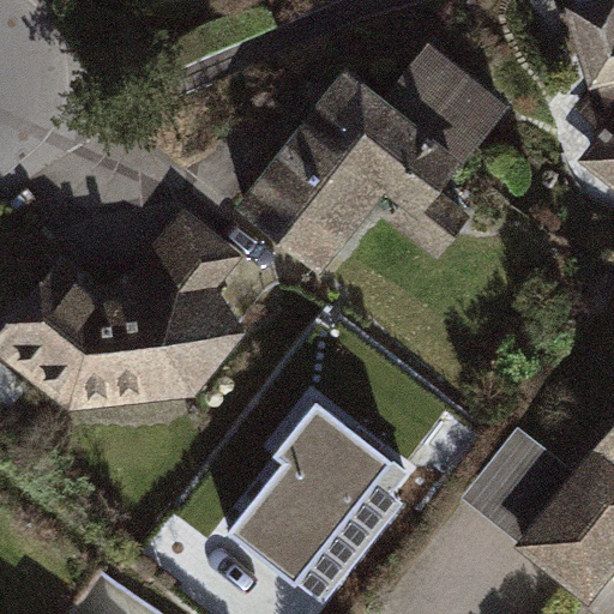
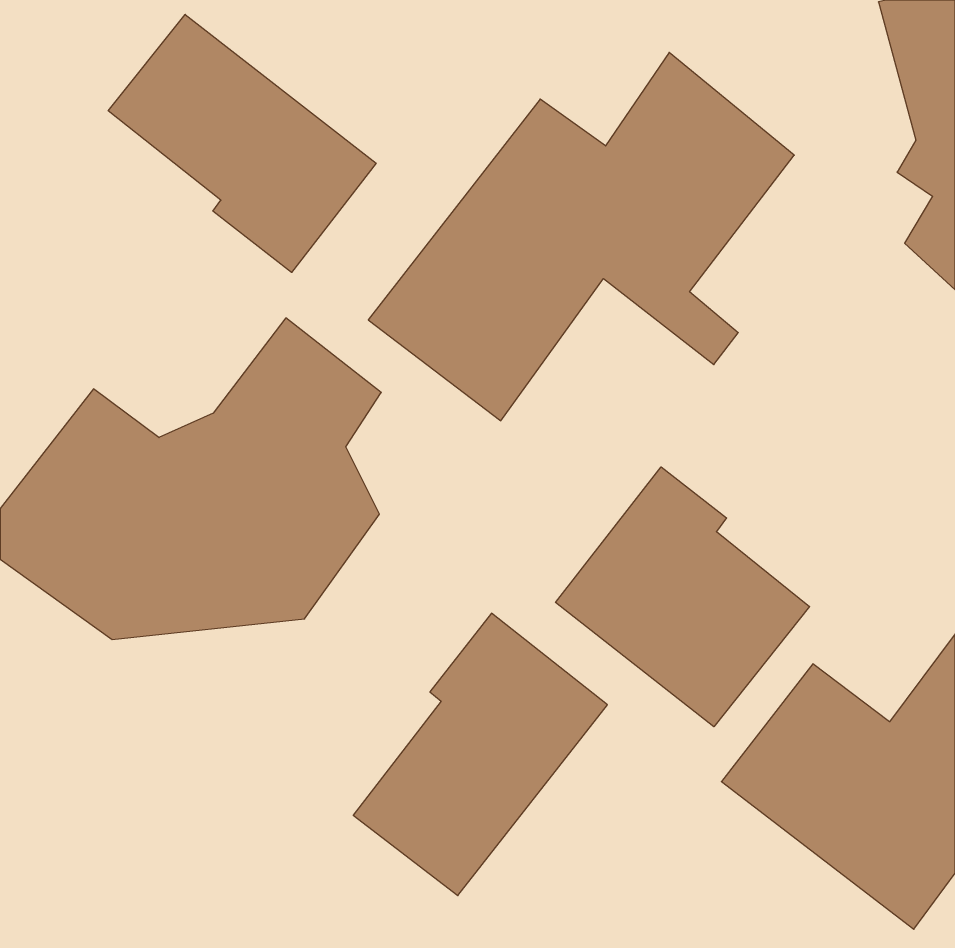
building: none -> [108,14,376,272]
building: none -> [556,467,810,727]

